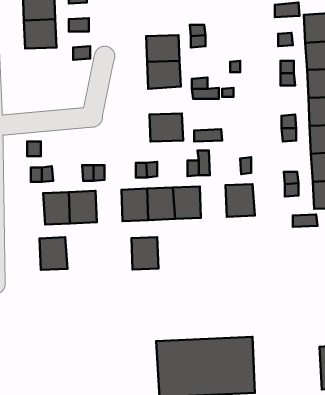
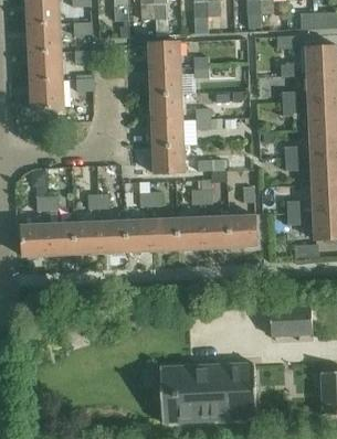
building: none -> [147,41,180,68]
building: none -> [29,79,62,109]
building: none -> [150,118,183,146]
building: none -> [201,215,228,247]
building: [132,237,158,270] -> [98,220,125,251]
building: [40,237,68,270] -> [21,223,49,255]
building: none -> [268,307,310,338]

